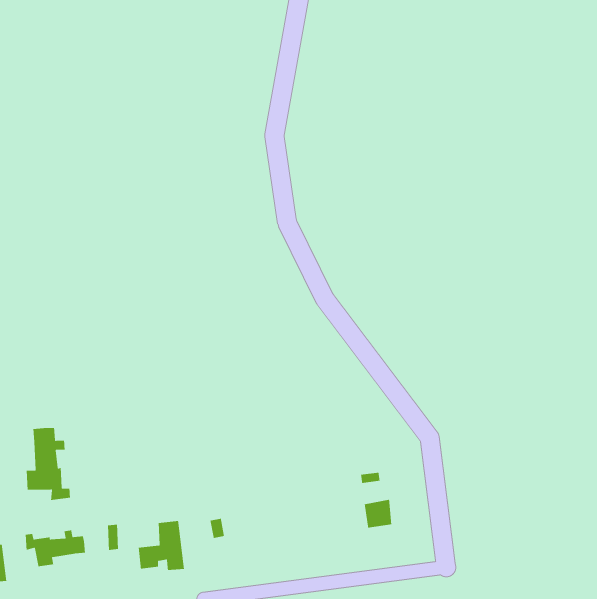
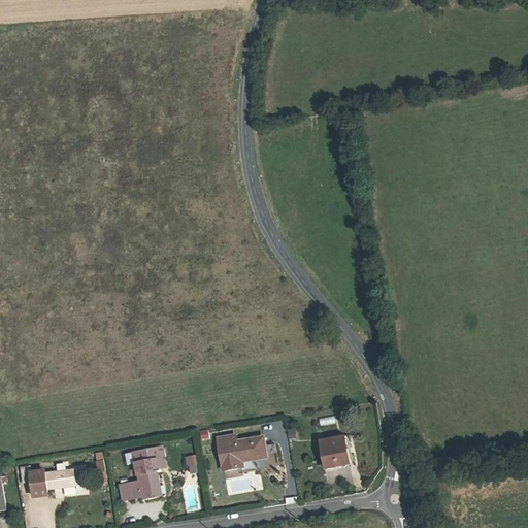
building: [26,427,71,501] -> none
building: none -> [218,437,259,464]

